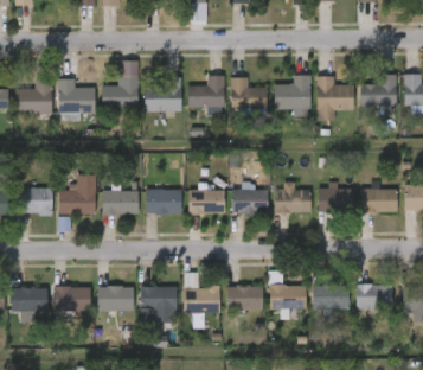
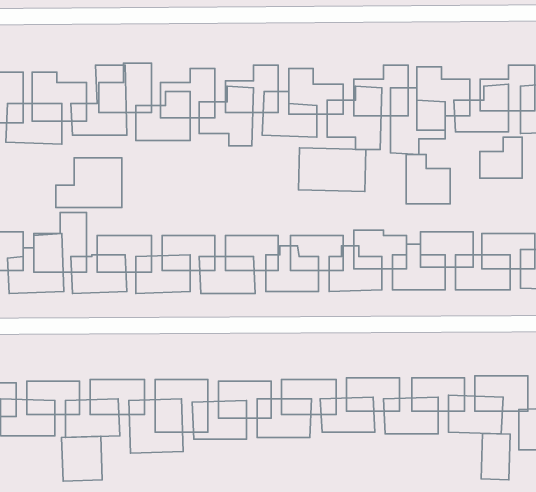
building: none -> [480,137,522,178]
building: none -> [298,148,366,192]
building: none -> [406,155,450,204]
building: none -> [56,158,122,207]
building: none -> [481,433,510,480]
building: none -> [62,436,102,481]

